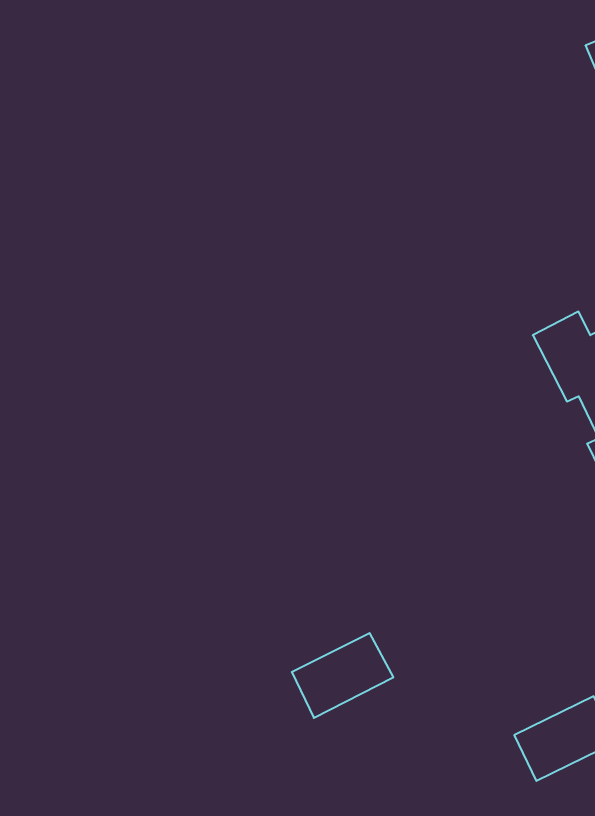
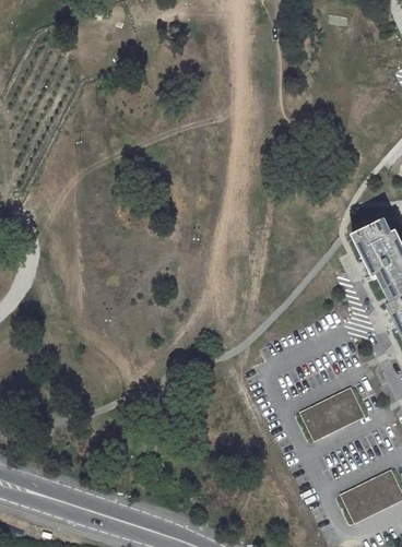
building: [292,633,393,718] -> [300,387,366,441]

